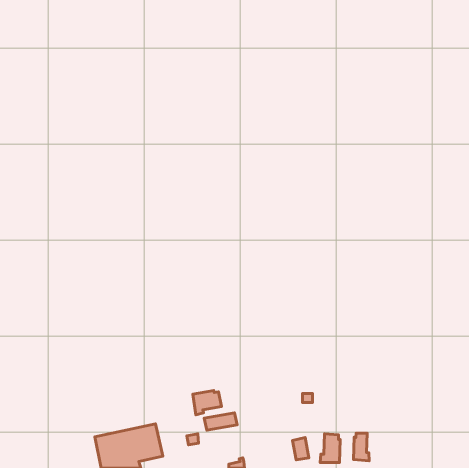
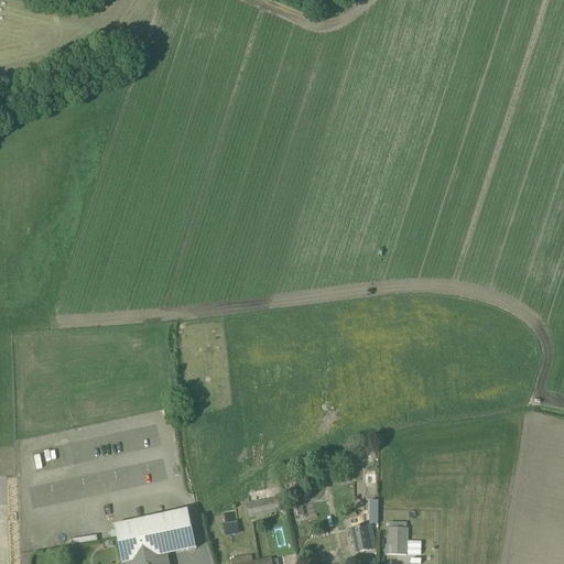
building: [193,390,222,415] -> none
building: [353,433,369,461] -> none

